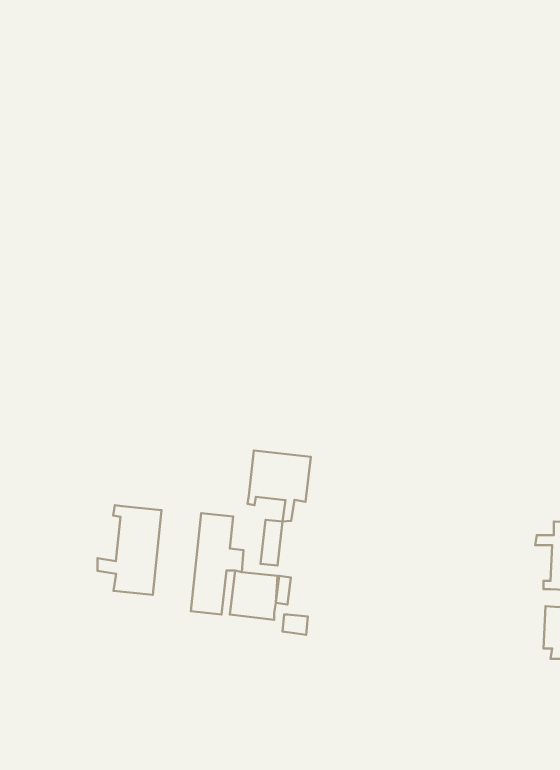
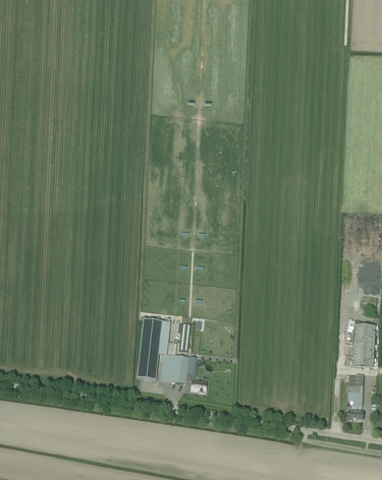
building: [247,451,311,521] -> none
building: [97,505,161,595] -> none

